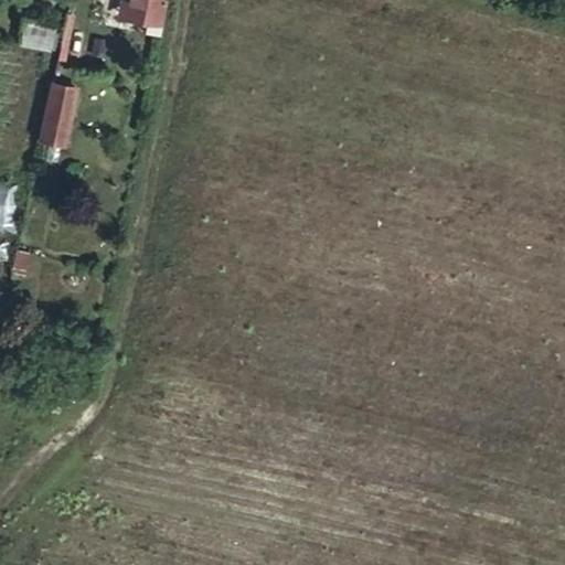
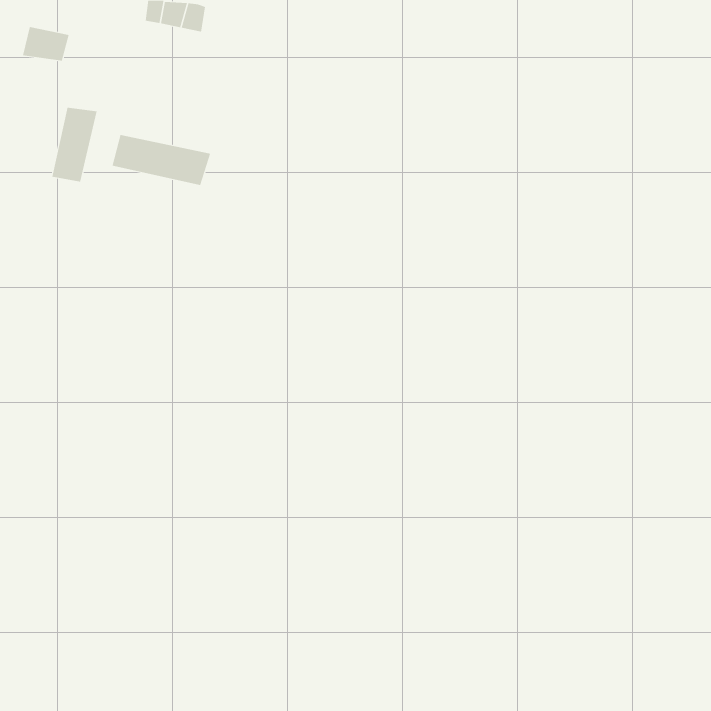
building: none -> [112,134,211,186]

